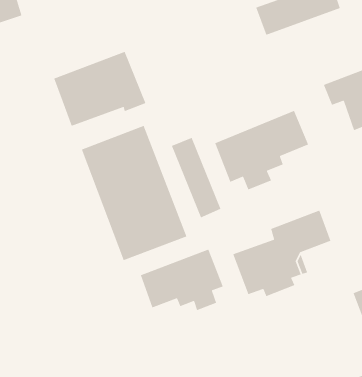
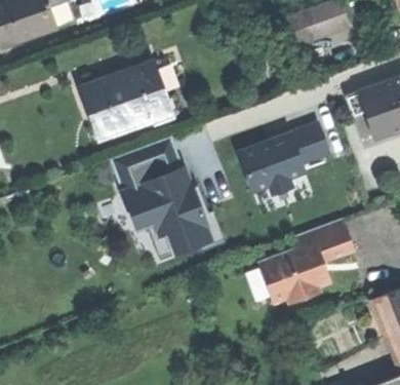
building: [171,137,222,219] -> none
building: [140,249,224,311] -> none

